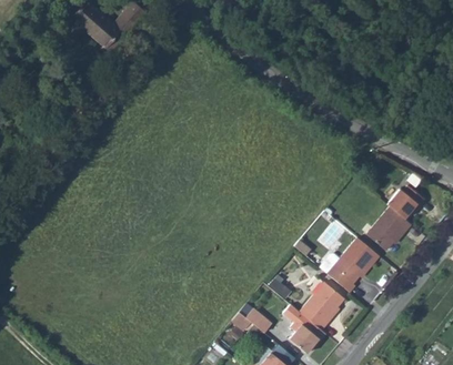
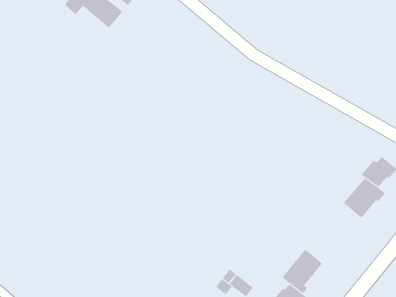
building: [319,236,379,290] -> none

